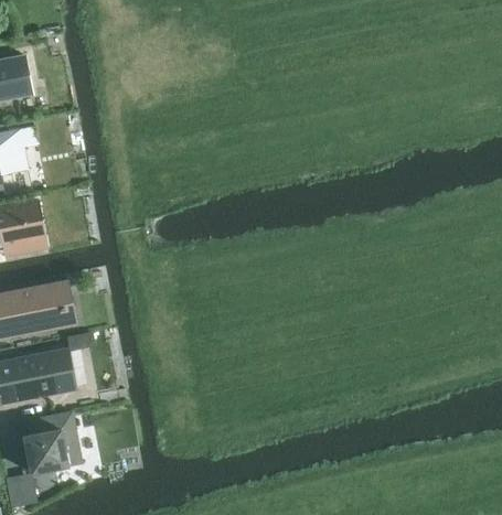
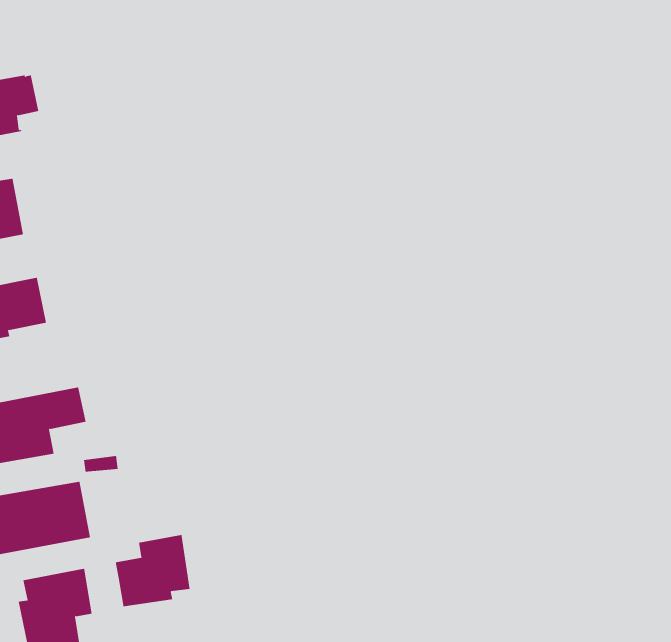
building: none -> [115,534,190,607]

